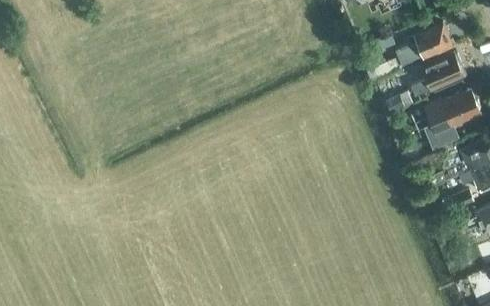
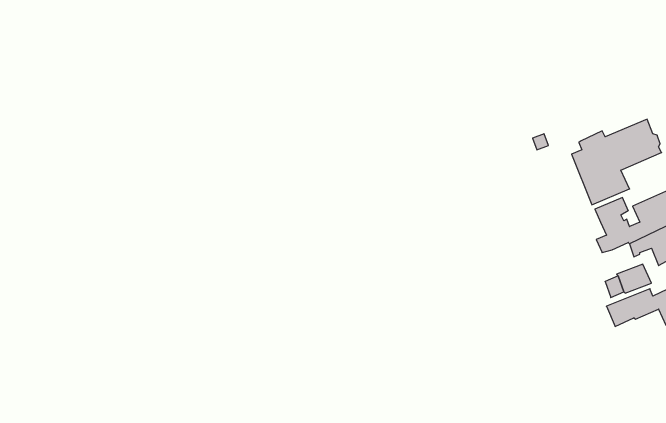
building: [396,23,453,66] -> none
building: [411,51,467,96] -> none

